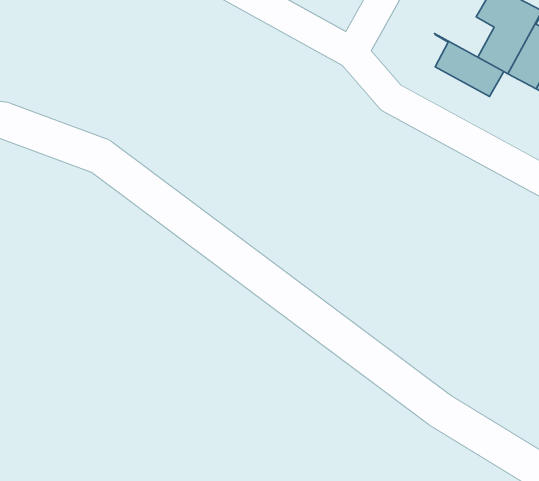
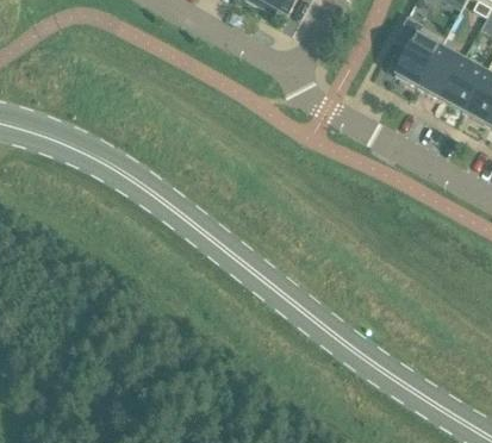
building: [434,34,504,97] -> none

